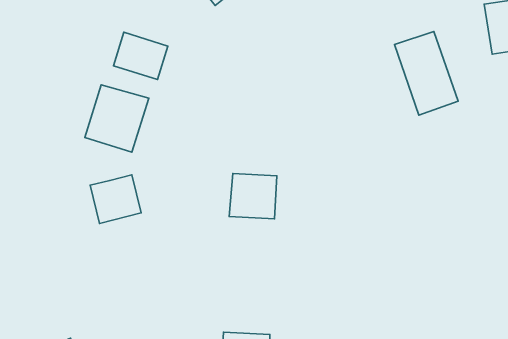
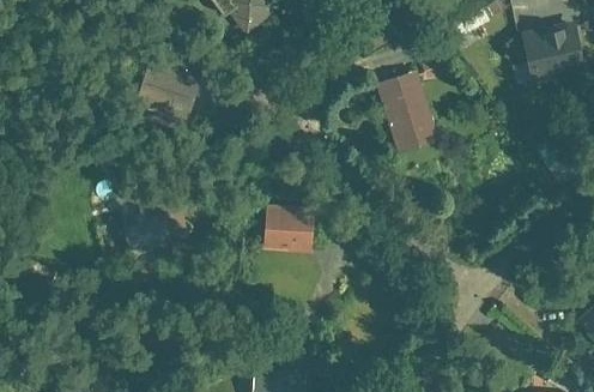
building: [395,32,458,115] -> [372,70,438,156]
building: [85,85,149,152] -> none

